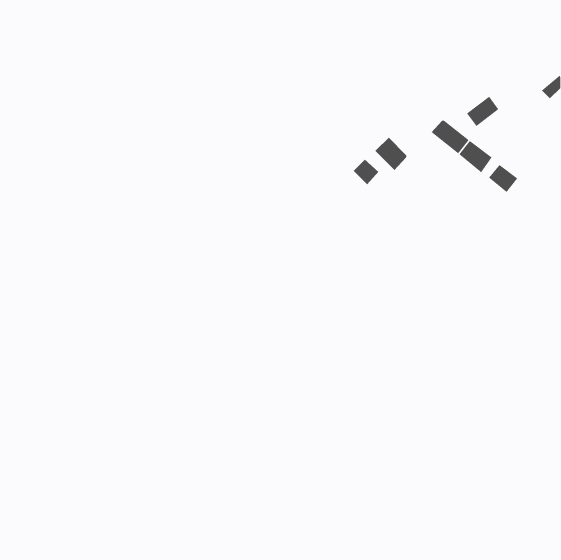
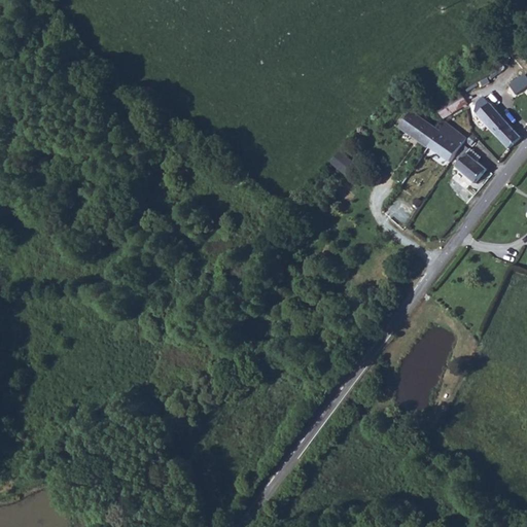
building: none -> [469,98,519,147]
building: [374,137,407,171] -> none

